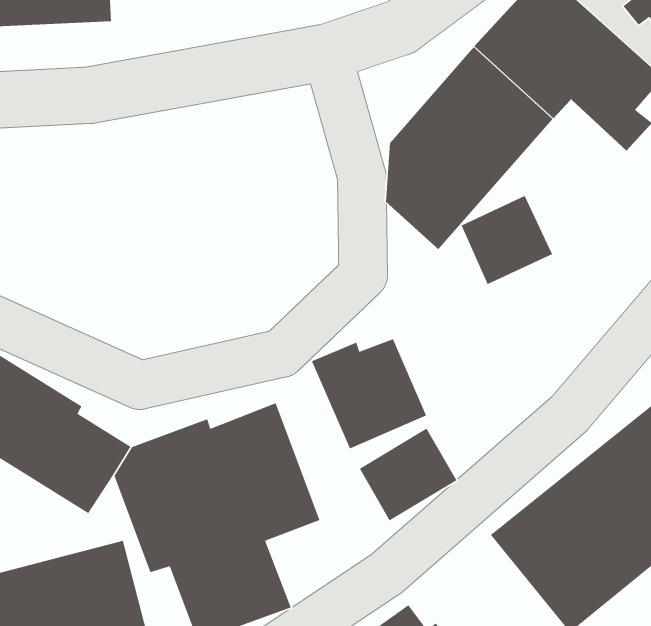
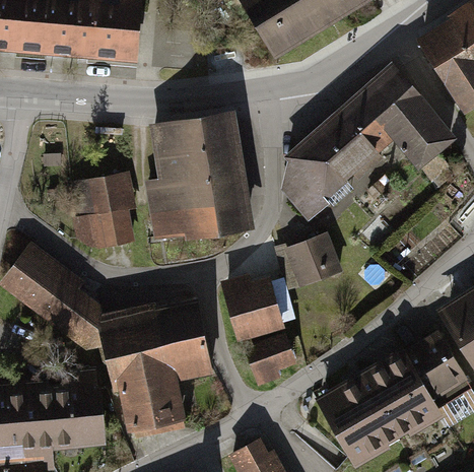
building: none -> [144,117,242,238]
building: [461,195,553,285] -> [286,240,340,291]
building: none -> [68,170,136,251]

